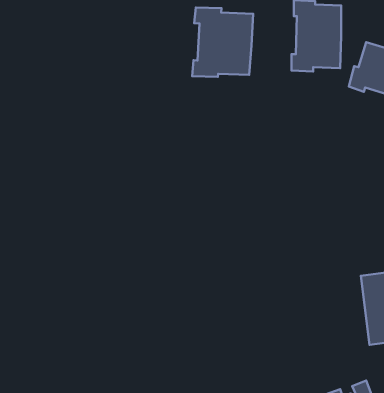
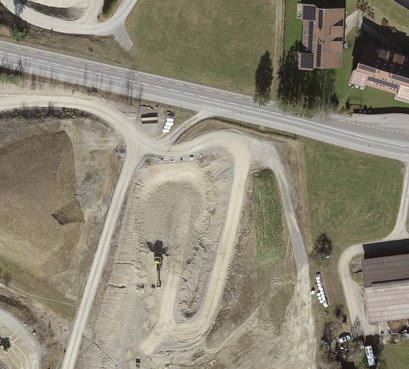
building: [192,7,253,77] -> none

